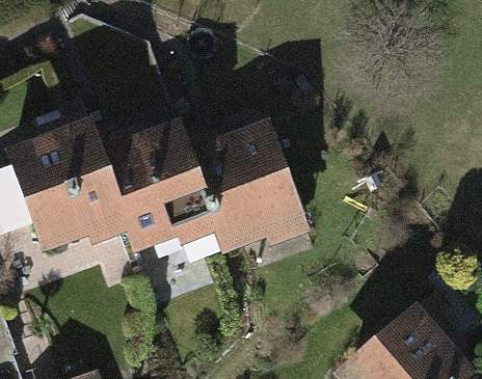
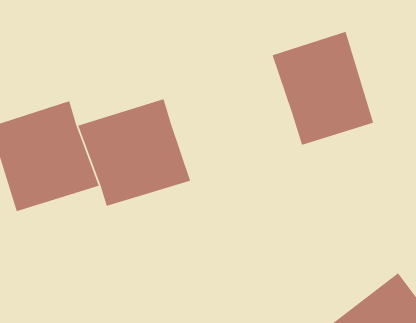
building: [215,136,318,251] -> [272,31,374,146]

